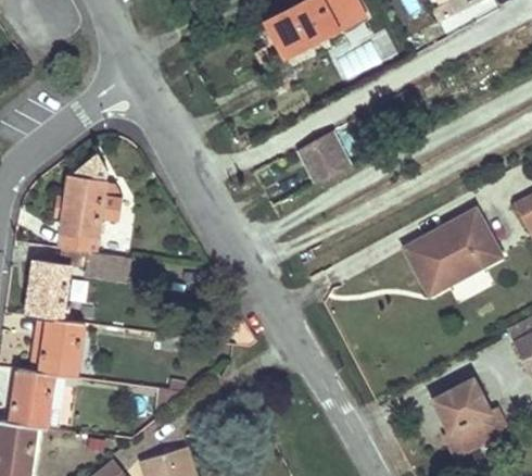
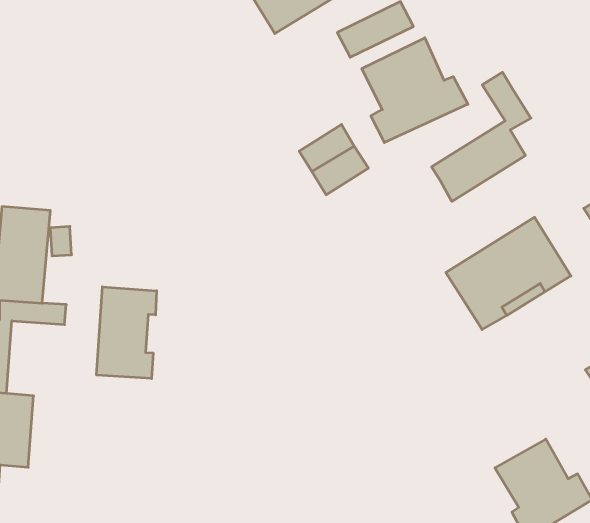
building: none -> [362,38,468,143]
building: none -> [432,72,531,201]
building: none -> [97,287,157,379]

